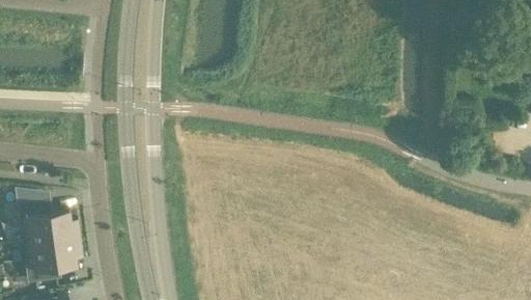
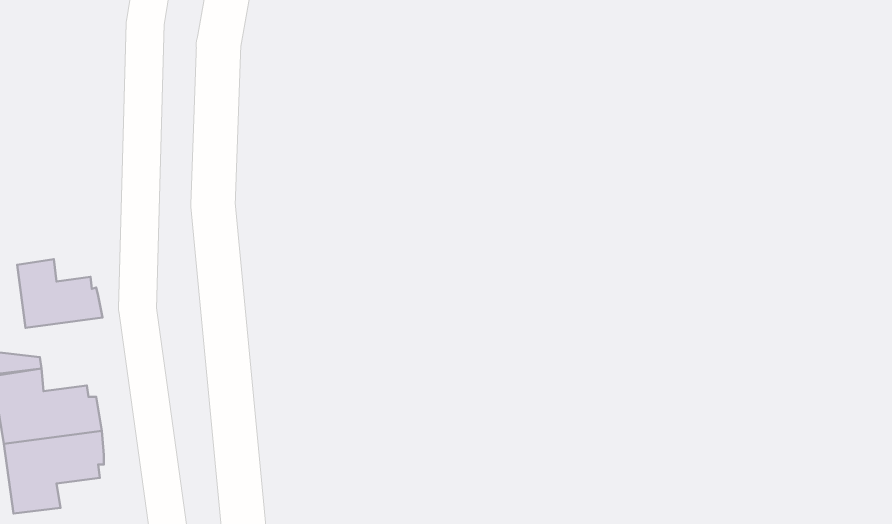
building: none -> [17,259,102,328]

